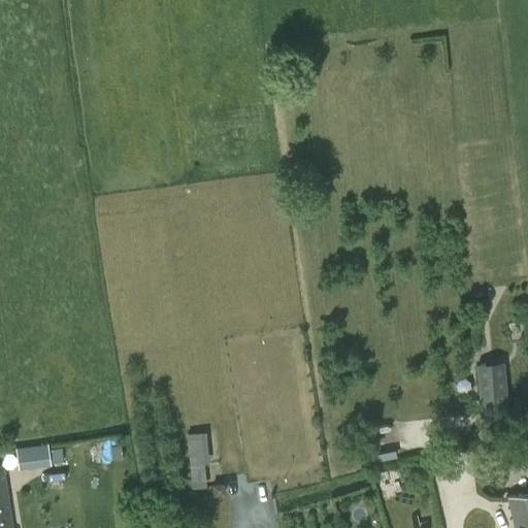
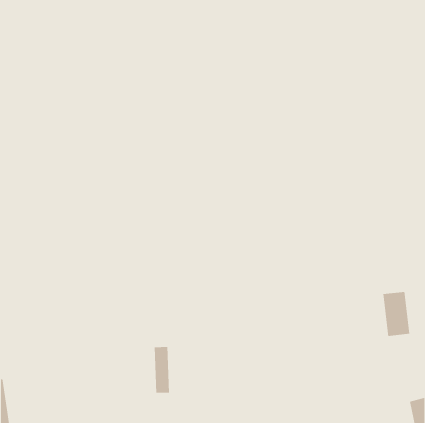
building: [27,444,63,467] -> none

